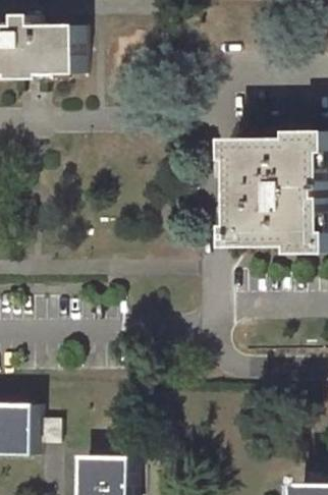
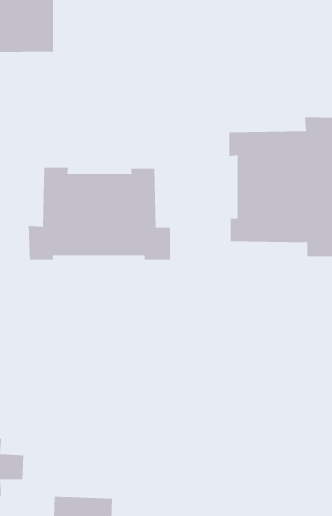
building: none -> [28,167,170,261]

